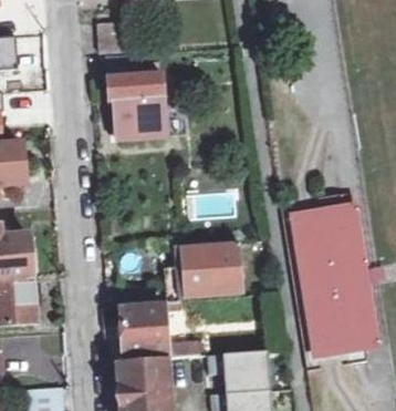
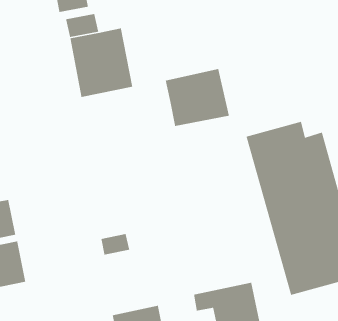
building: [181,239,243,294] -> [165,68,230,127]
building: [121,302,200,358] -> none

